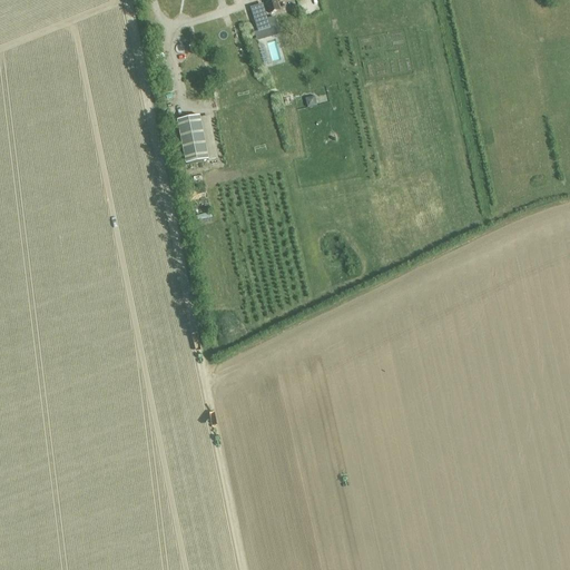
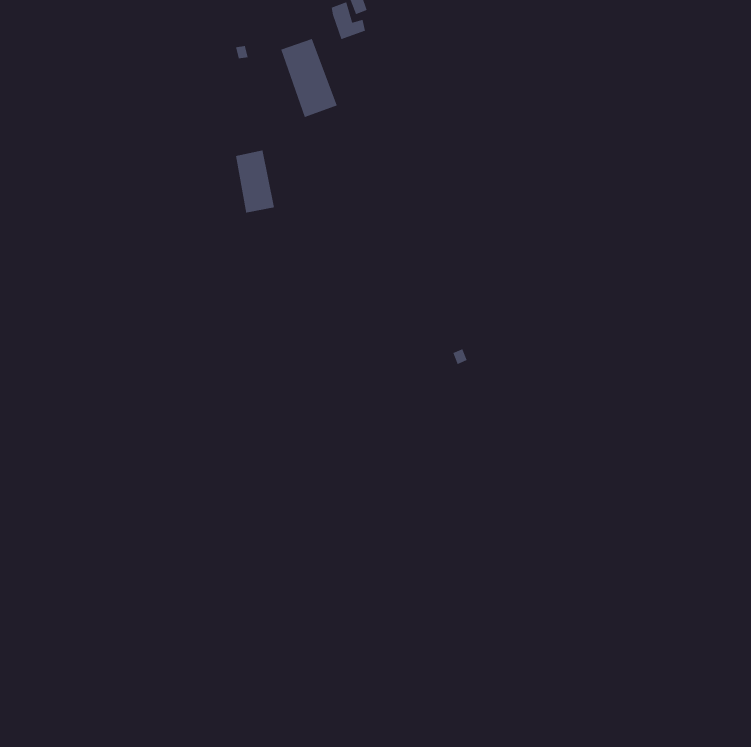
building: none -> [281,38,338,118]

